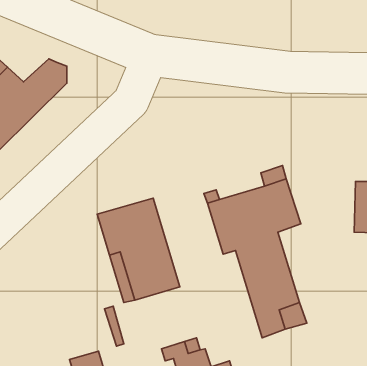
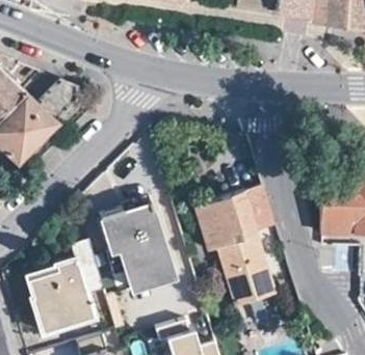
building: none -> [30,257,94,332]

